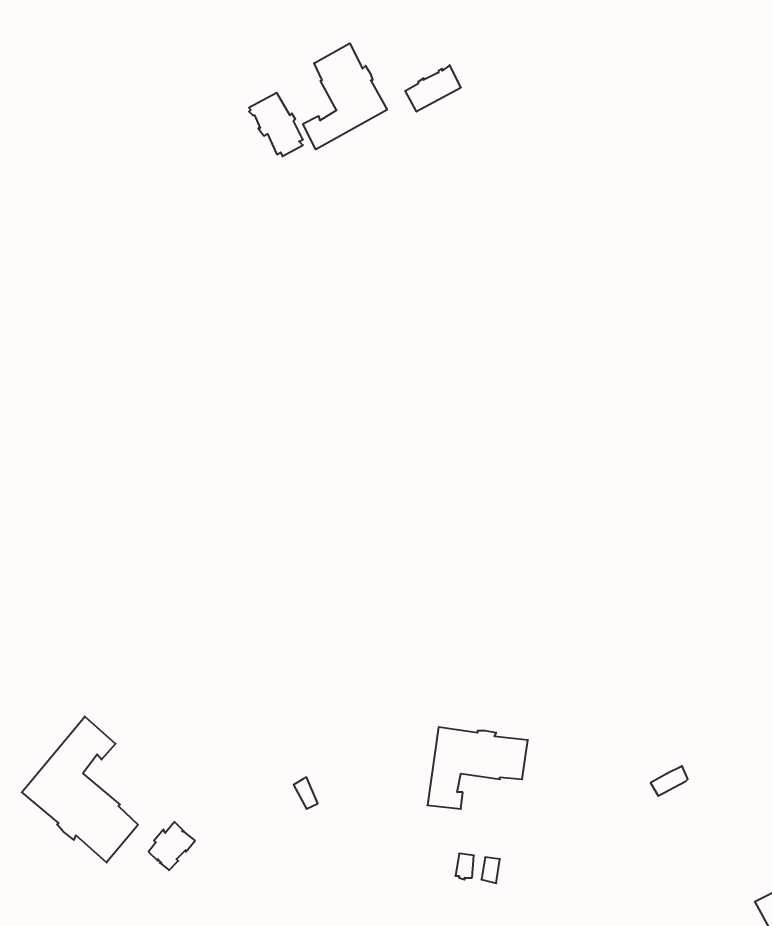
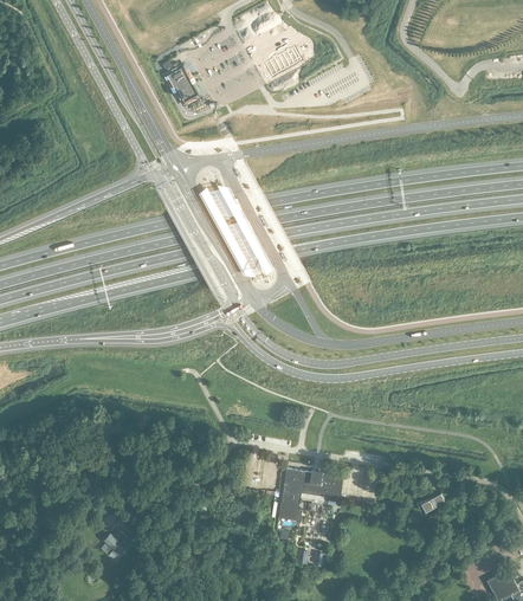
building: [303,43,387,149] -> none
building: [22,716,138,863] -> none

